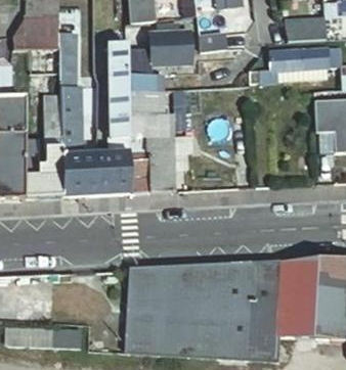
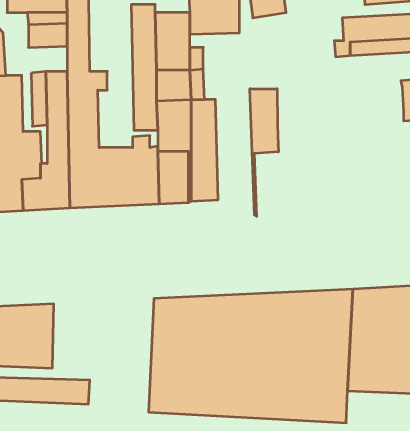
building: none -> [250,89,278,216]

